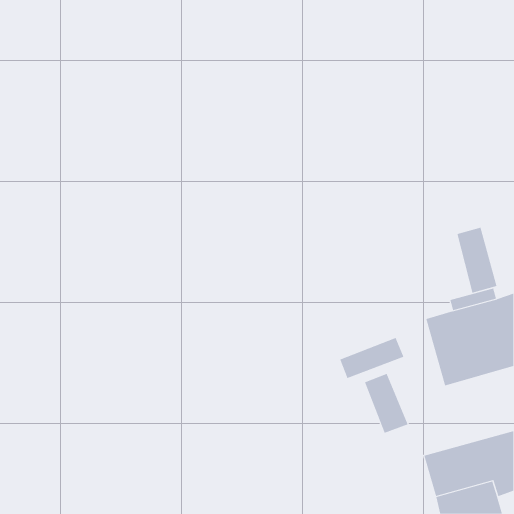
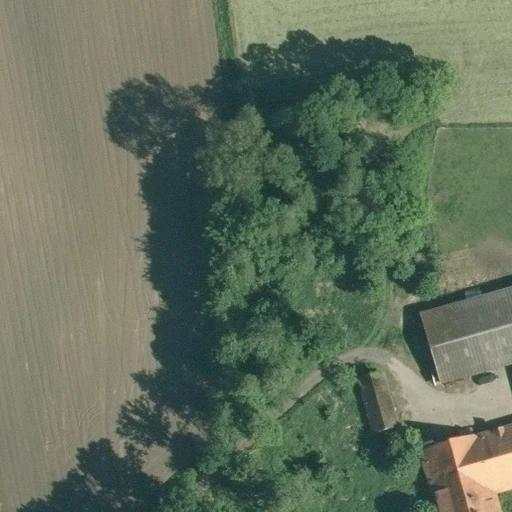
building: [457,227,497,294] -> none
building: [340,337,404,379] -> none

